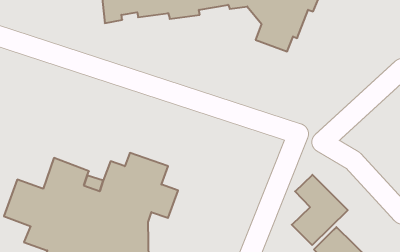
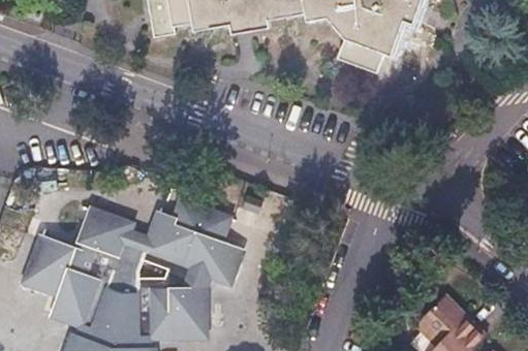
building: [292,175,348,245] -> none

